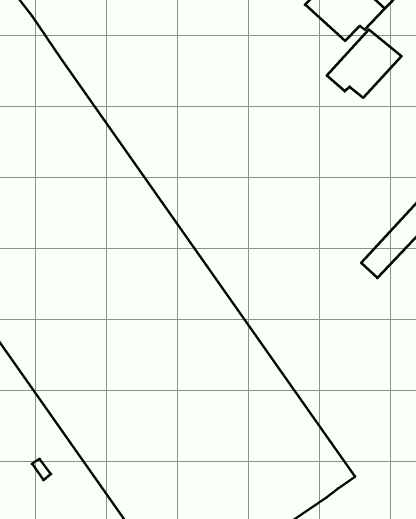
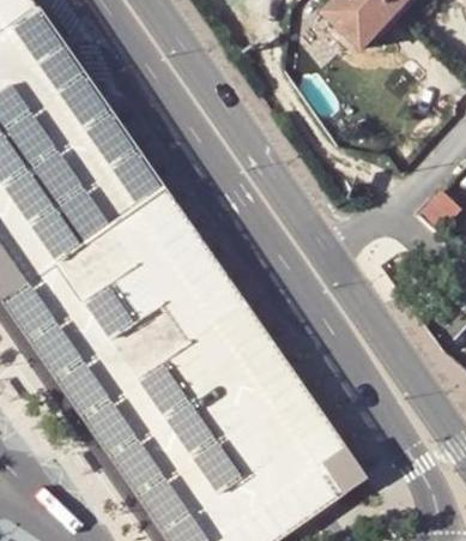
building: [327,30,401,98] -> none

